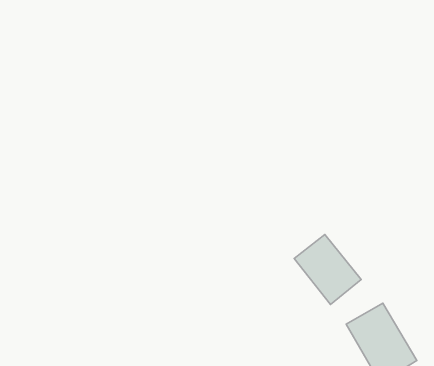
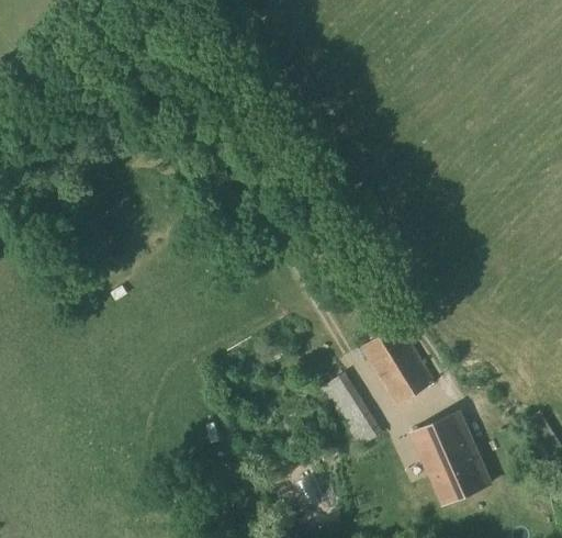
building: none -> [322,372,383,447]

